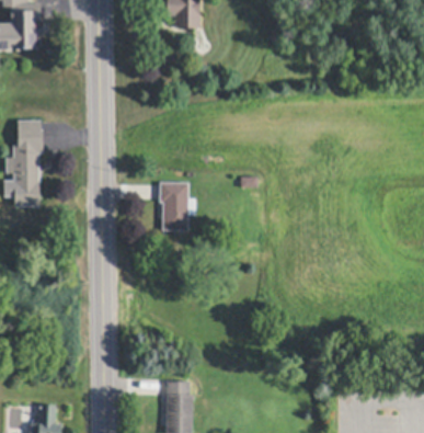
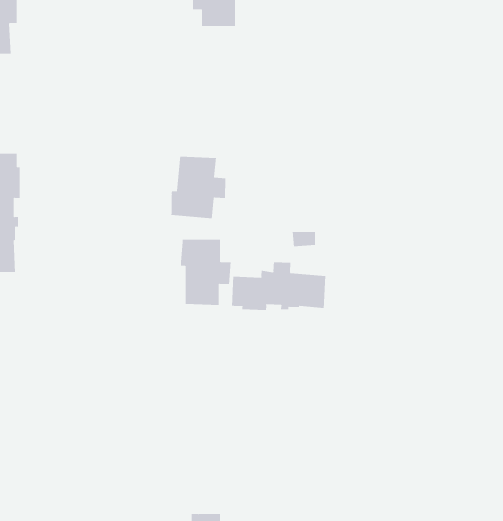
building: none -> [171,156,226,219]
building: none -> [231,262,326,311]

